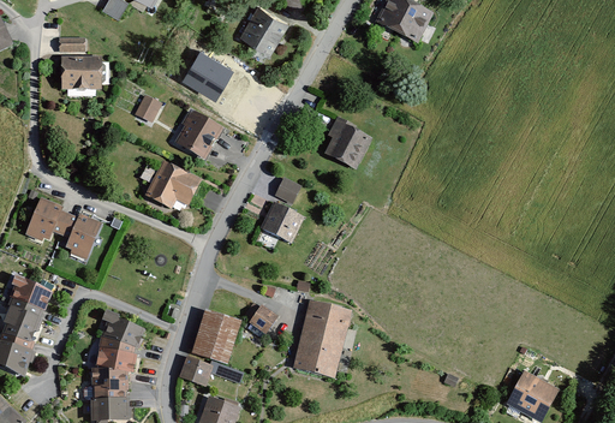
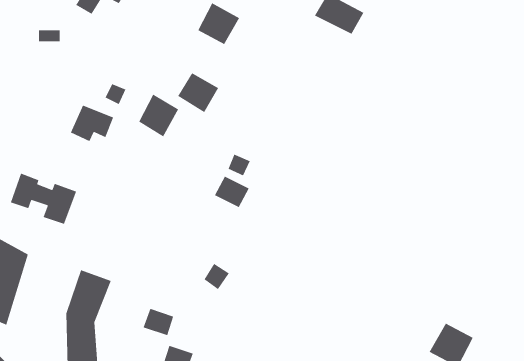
building: [184,52,232,99] -> [177,72,219,113]
building: [60,59,98,89] -> none
building: [324,117,375,172] -> none
building: [147,165,197,208] -> [70,104,114,142]
building: [294,303,350,374] -> none
building: [192,312,238,365] -> none

